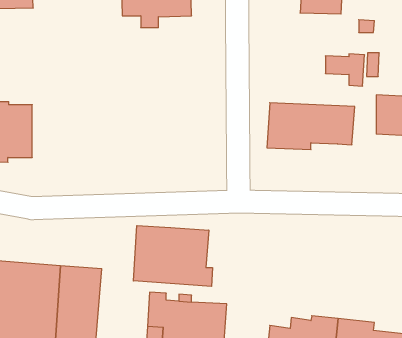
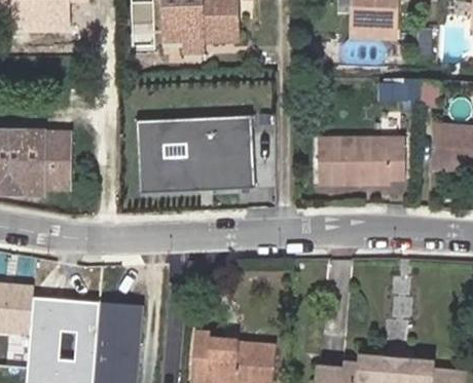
building: none -> [134,116,256,190]
building: [133,226,212,286] -> none

